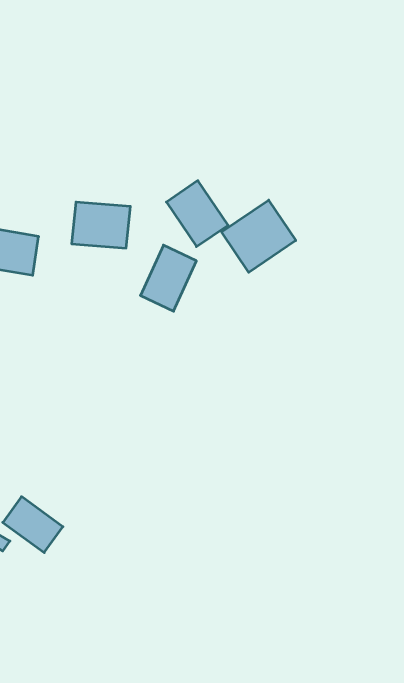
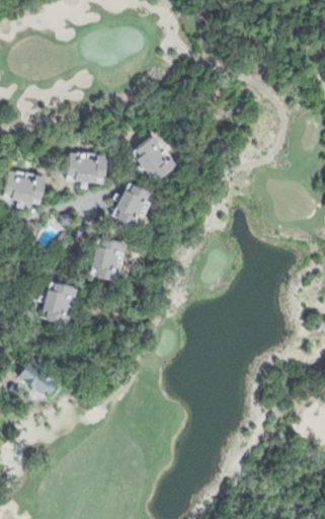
building: [222,200,296,272] -> none
building: none -> [87,239,127,282]
building: none -> [38,280,79,327]

